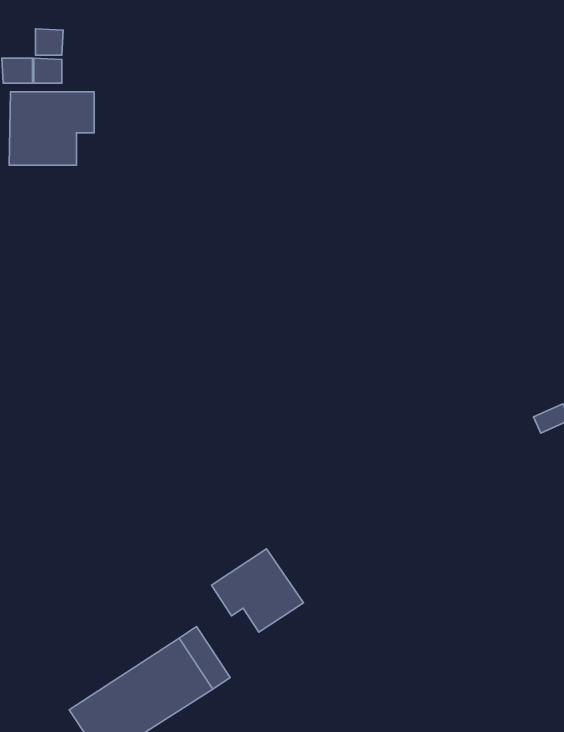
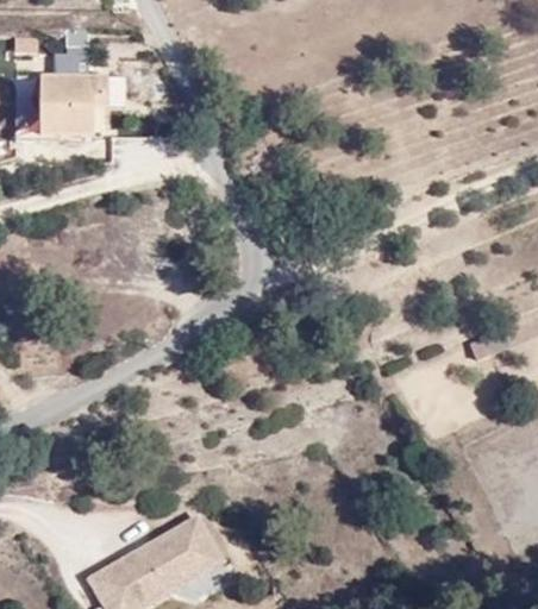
building: [211,549,304,632] -> none

